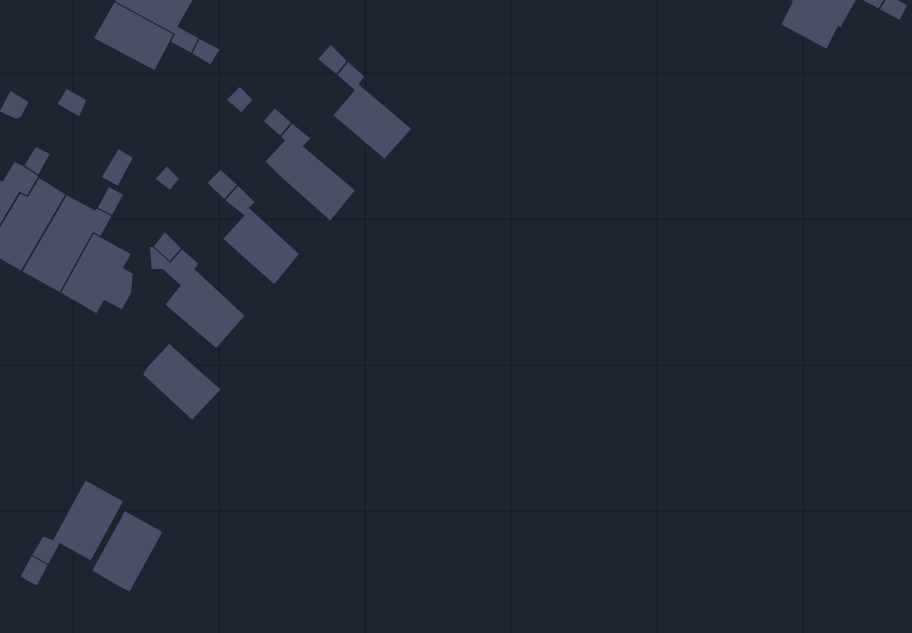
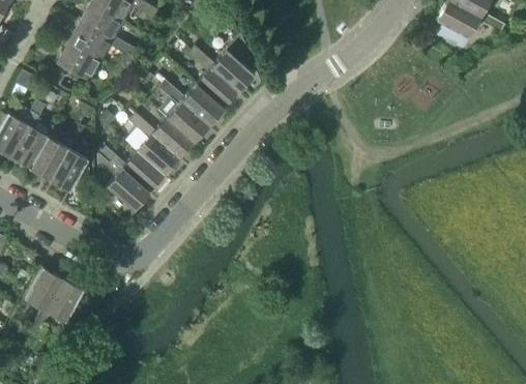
building: none -> [210,33,254,91]
building: none -> [56,42,100,81]
building: none -> [180,84,224,124]
building: none -> [151,116,195,158]
building: [142,343,221,420] -> [122,150,165,191]
building: [92,511,163,592] -> [25,268,63,312]

